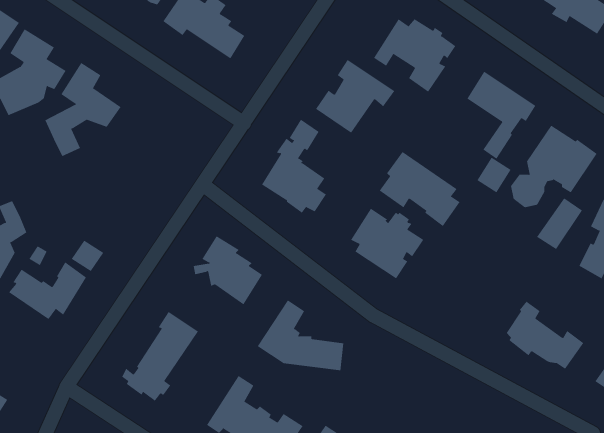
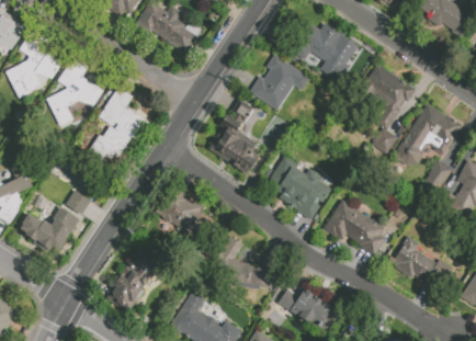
building: none -> [87,87,149,163]
building: [379,151,460,227] -> [326,200,387,257]
building: none -> [279,288,332,325]

